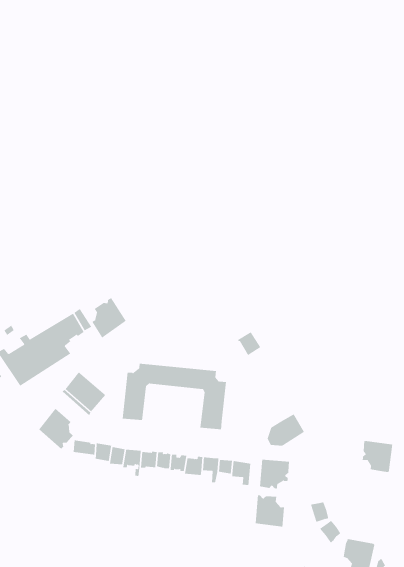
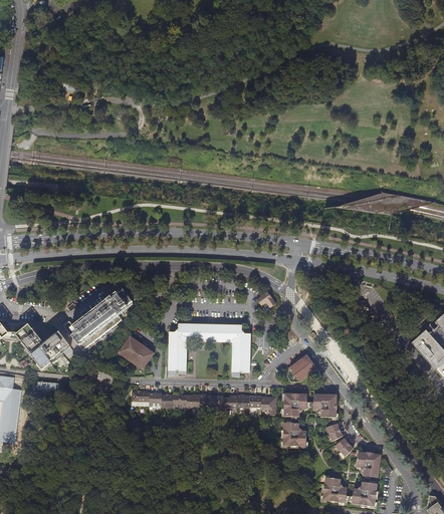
building: [92,297,127,338] -> none
building: [38,408,74,450] -> none
building: [362,440,393,472] -> [312,393,337,417]

